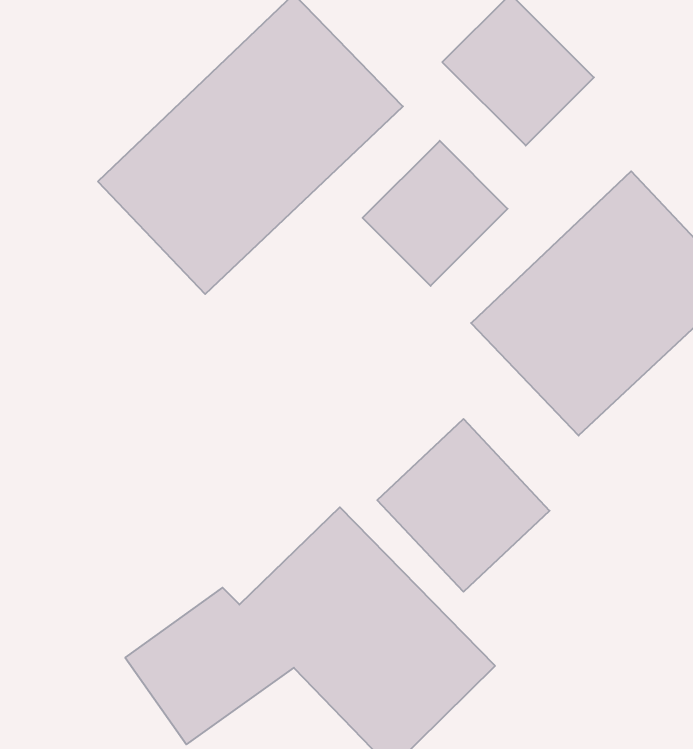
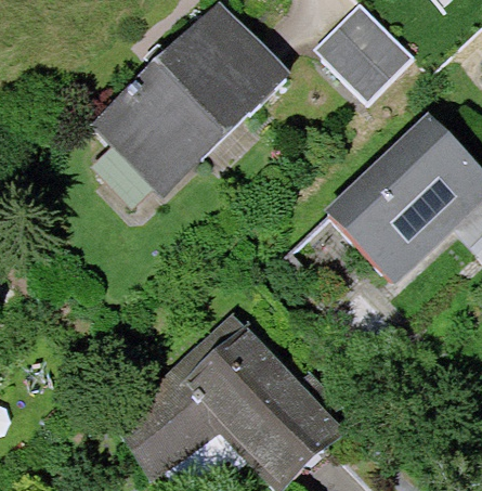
building: [363,141,508,286] -> none
building: [377,419,550,592] -> none

